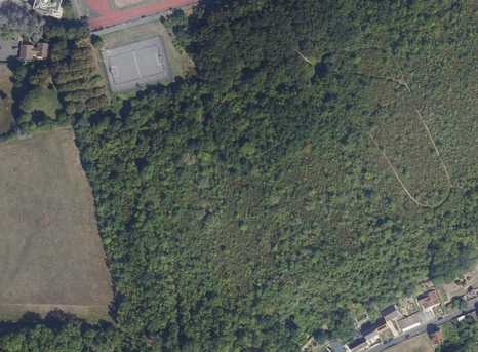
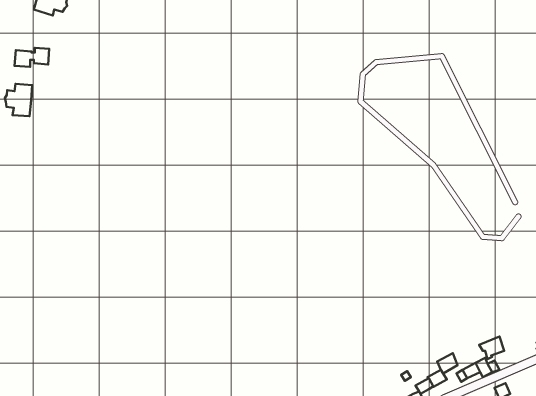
building: none -> [5,84,32,116]

